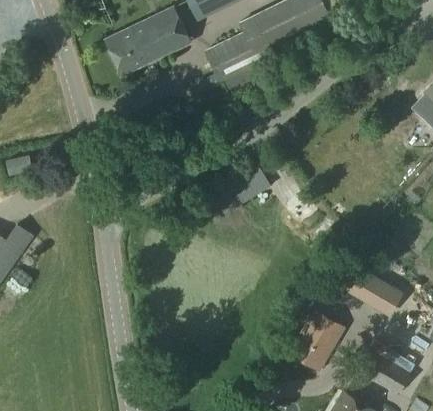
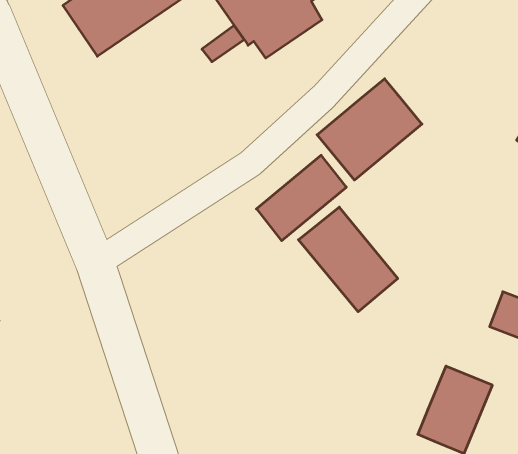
building: none -> [317,79,422,180]
building: none -> [298,207,398,312]

